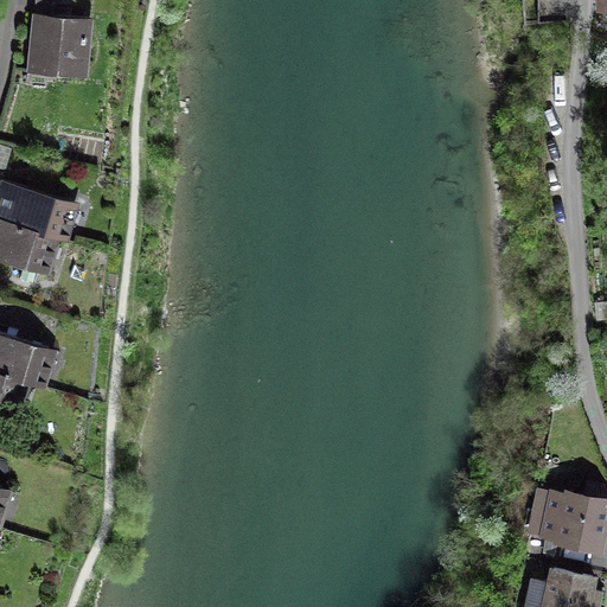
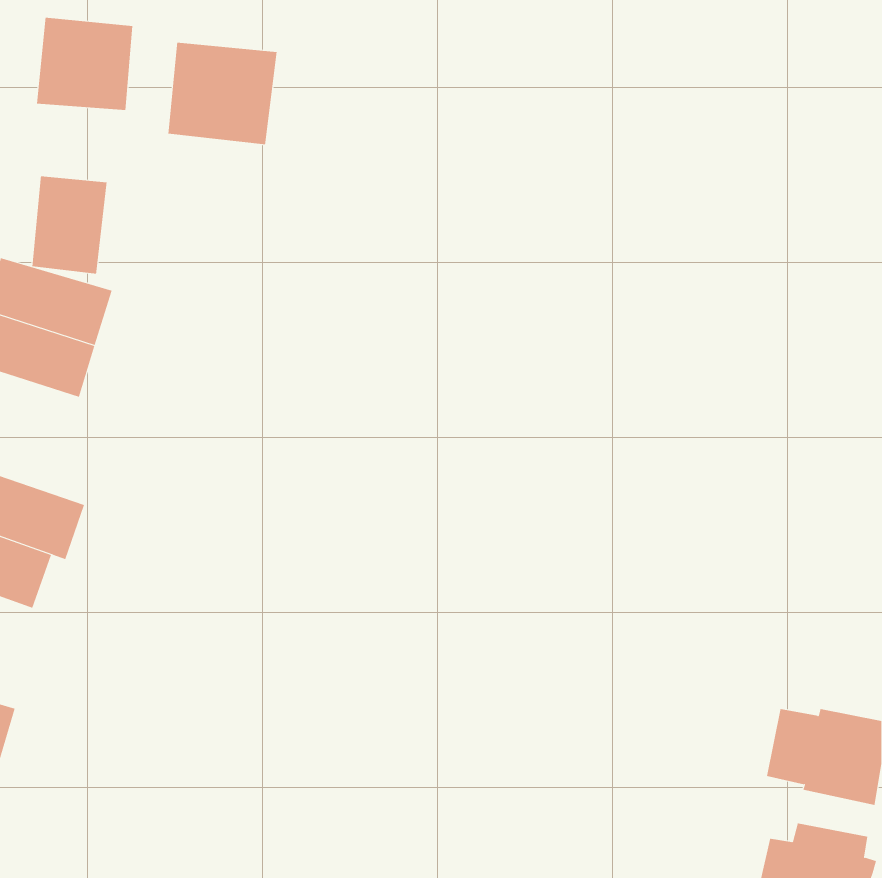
building: none -> [168,42,277,145]
building: none -> [32,175,107,275]

